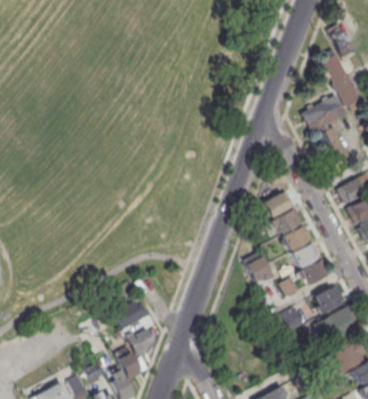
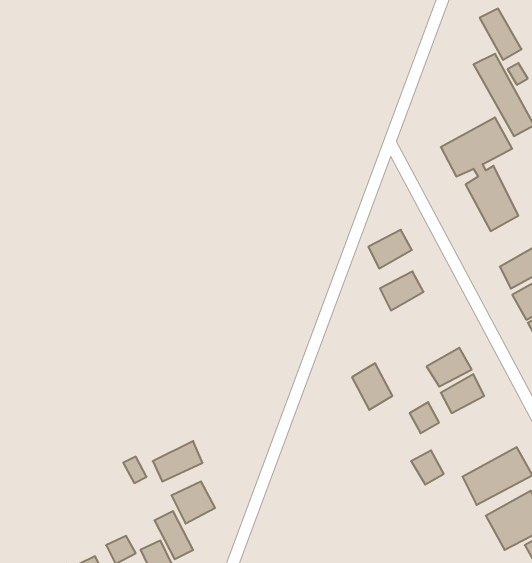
building: [271,209,299,234] -> [368,230,412,269]
building: [283,225,311,250] -> none
building: [313,286,342,311] -> none

